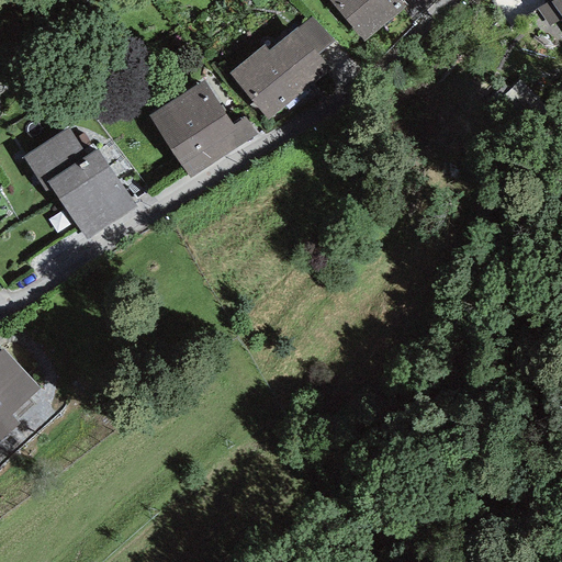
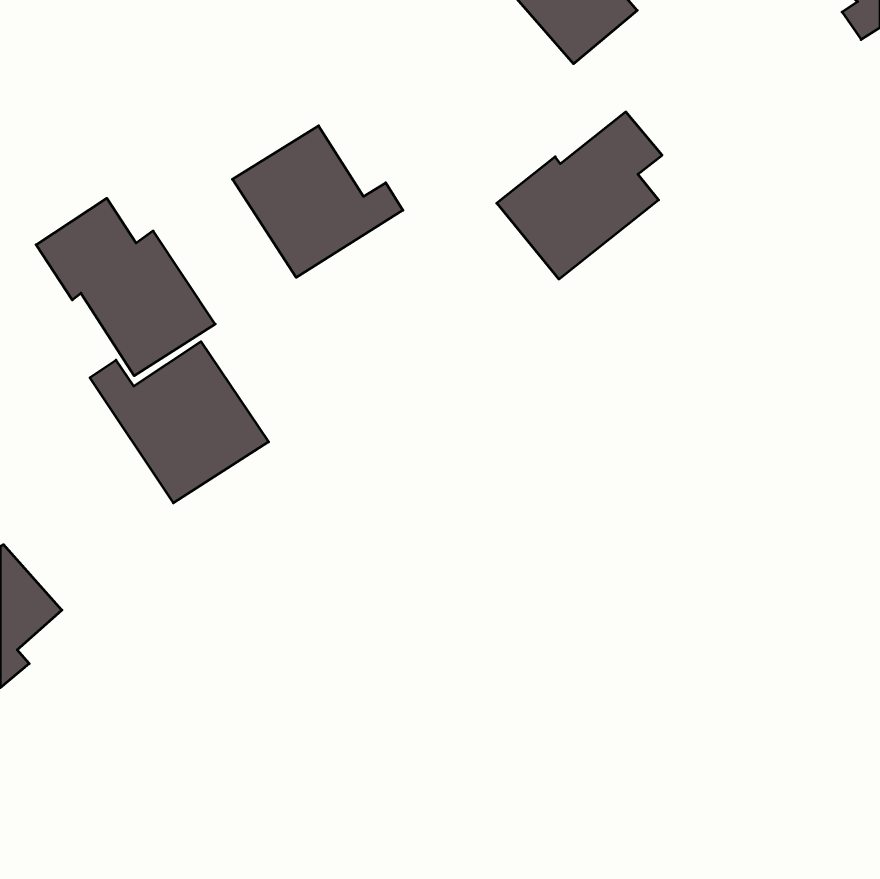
building: [227,14,333,121] -> [497,112,662,279]
building: none -> [90,342,269,503]

